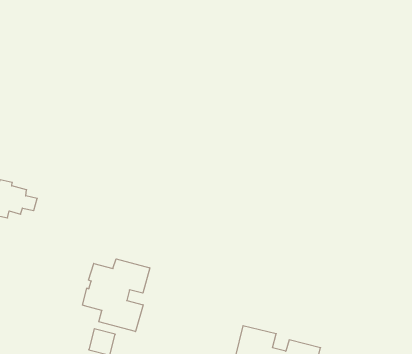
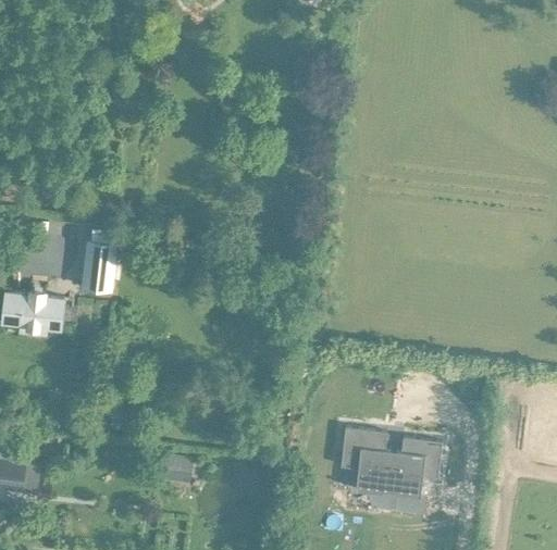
building: none -> [81,229,114,290]
building: [83,259,150,332] -> none

